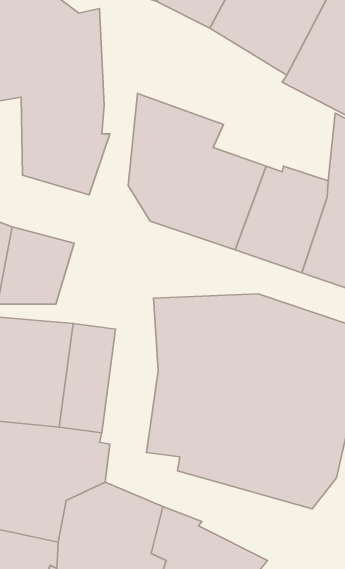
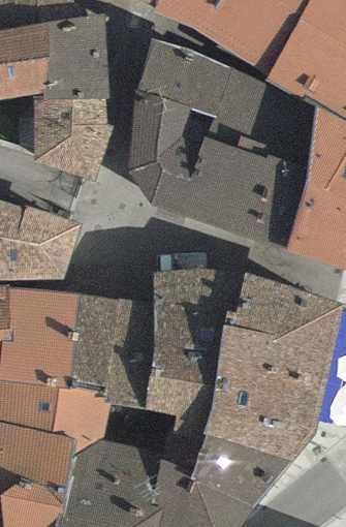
building: none -> [135,38,313,167]
building: none -> [101,301,154,411]
building: none -> [158,428,292,508]

